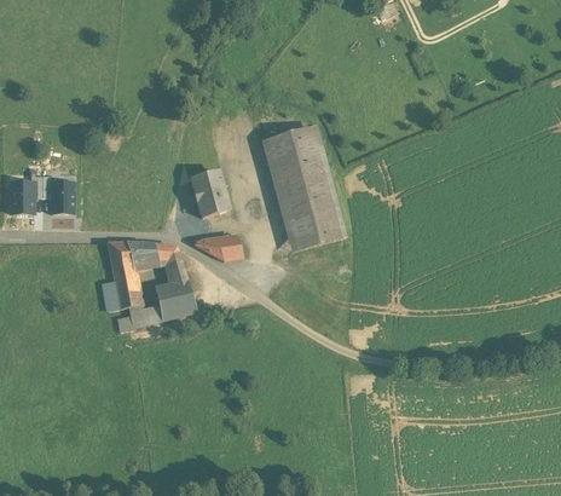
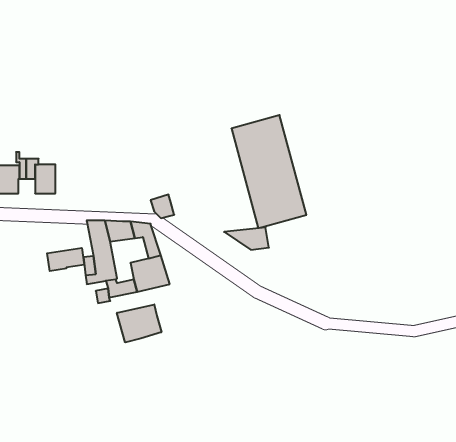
building: [190,172,229,217] -> none
building: [192,238,241,263] -> [224,227,269,250]
building: none -> [47,248,84,271]
building: none -> [117,304,161,342]

